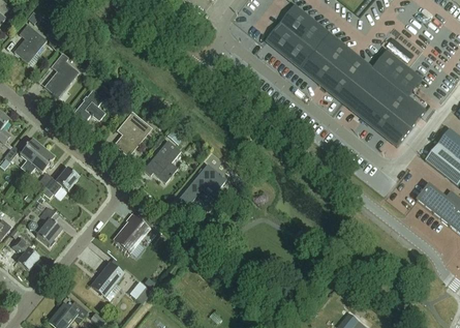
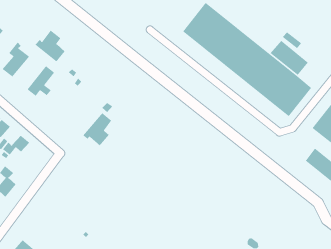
building: none -> [35,29,65,62]
building: [114,111,152,156] -> none
building: [178,163,225,206] -> none
building: [114,213,150,252] -> none
building: [90,261,124,296] -> none

